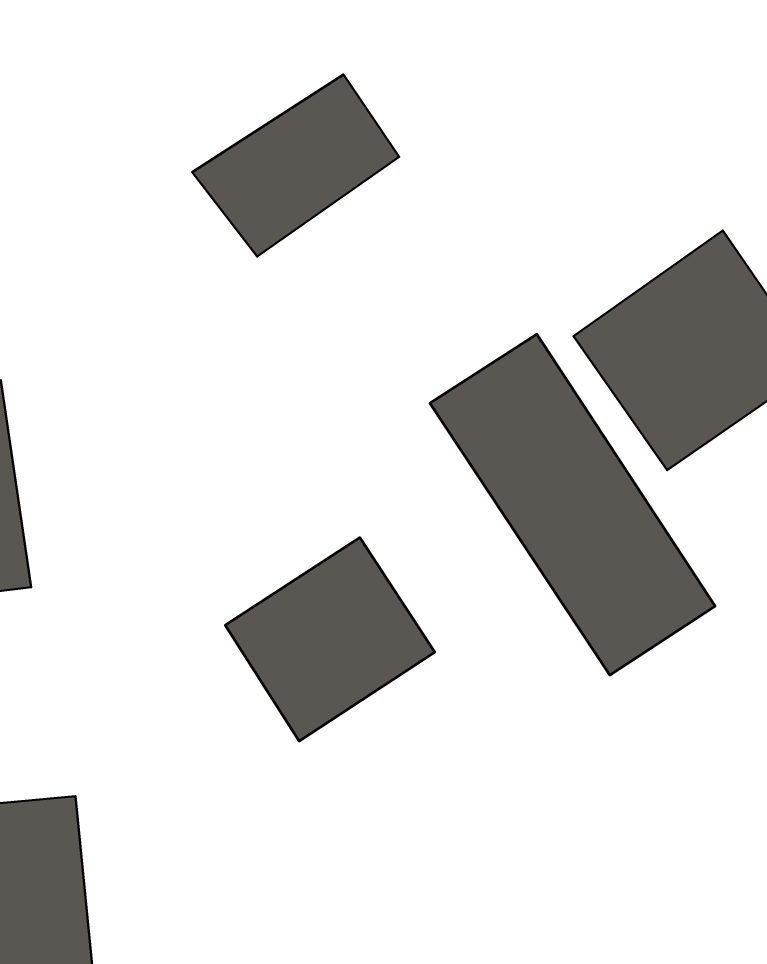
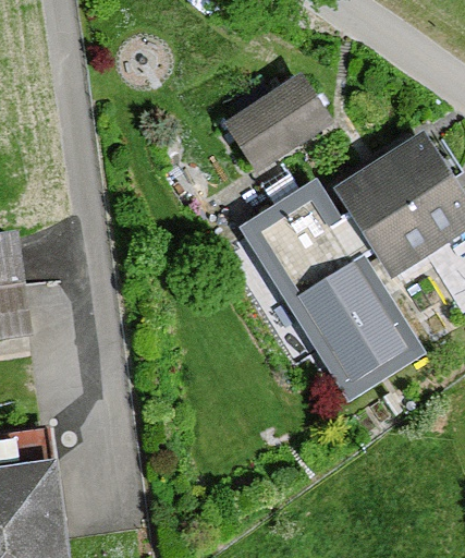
building: [192,75,399,257] -> [213,73,331,177]
building: [225,538,435,741] -> none

